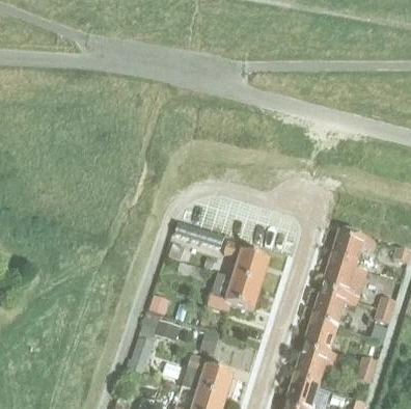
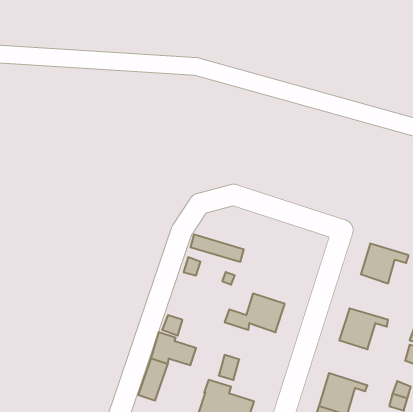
building: [223,239,269,284] -> none
building: [320,257,364,299] -> none
building: [301,318,338,359] -> none

